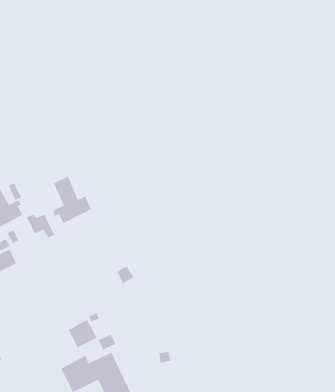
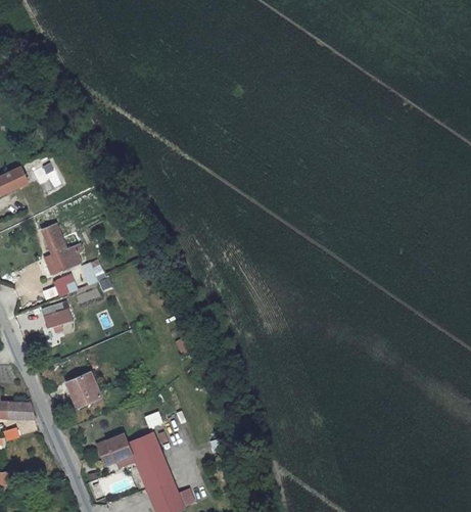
building: [52,176,92,224] -> none
building: [68,319,98,348] -> [62,371,95,403]

